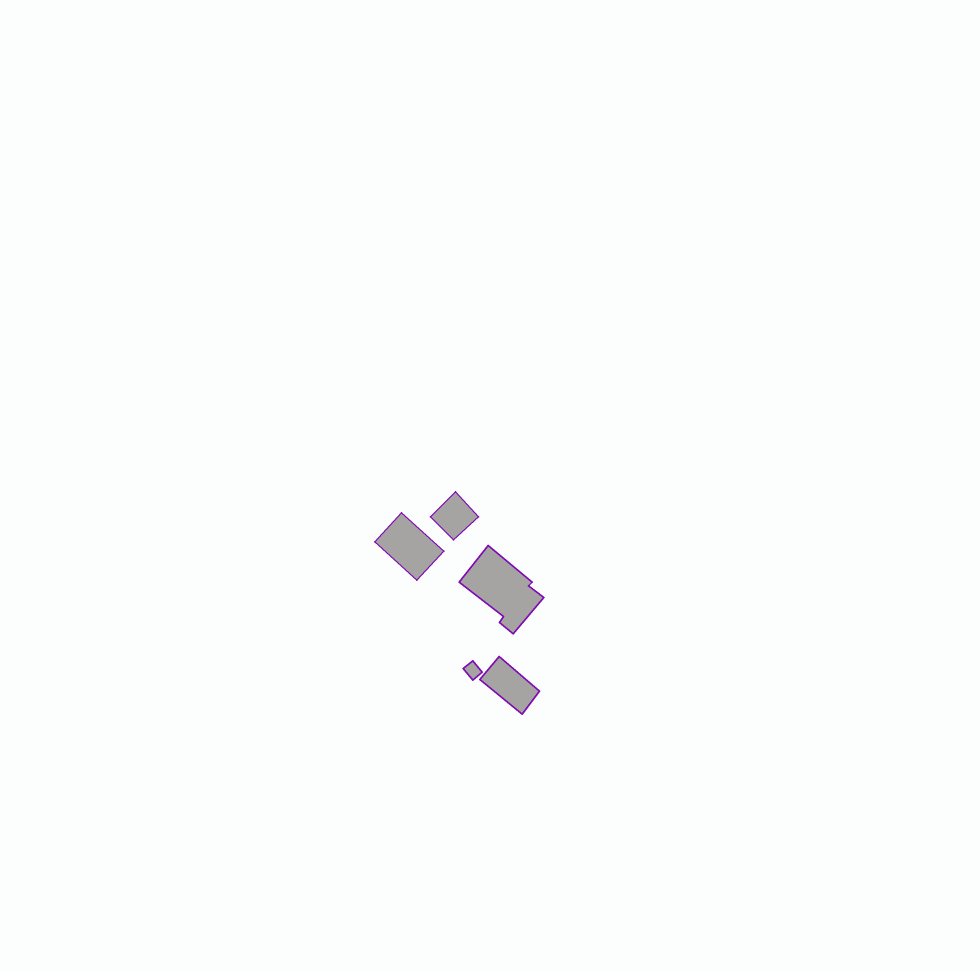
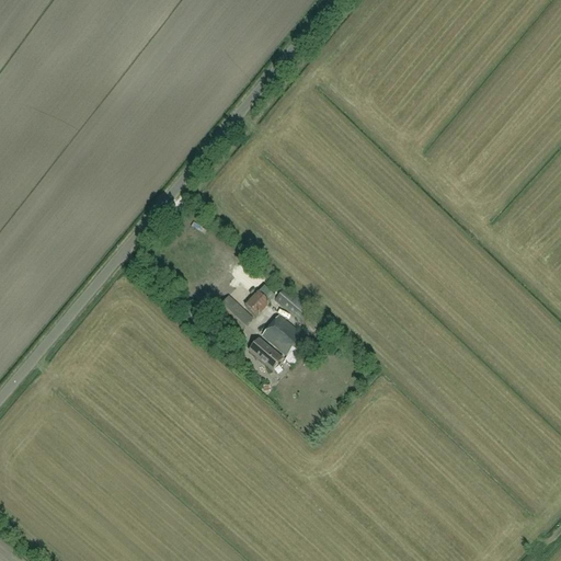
building: [480,656,539,714] -> [250,334,284,367]

